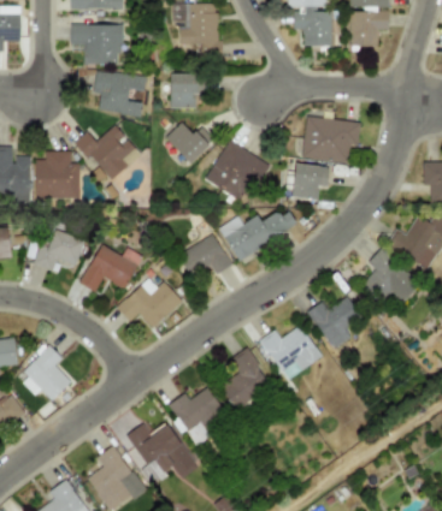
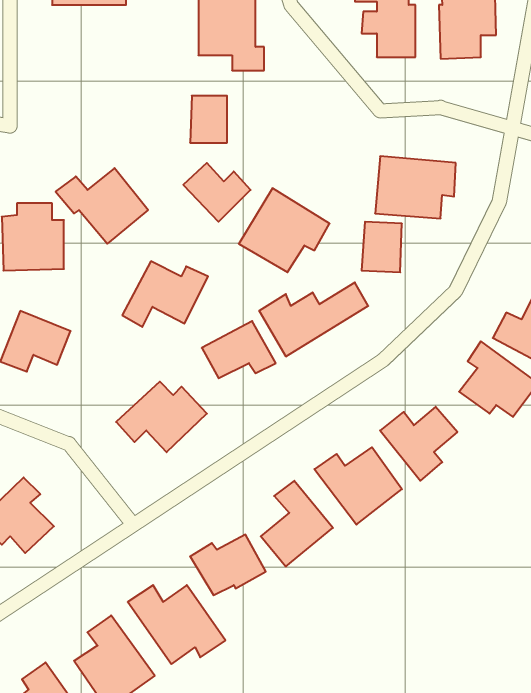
building: [70,24,122,63] -> none
building: [98,71,146,115] -> none
building: [81,244,142,291] -> [122,261,208,327]

